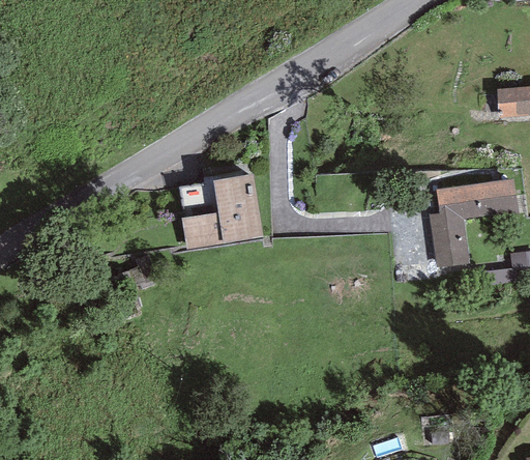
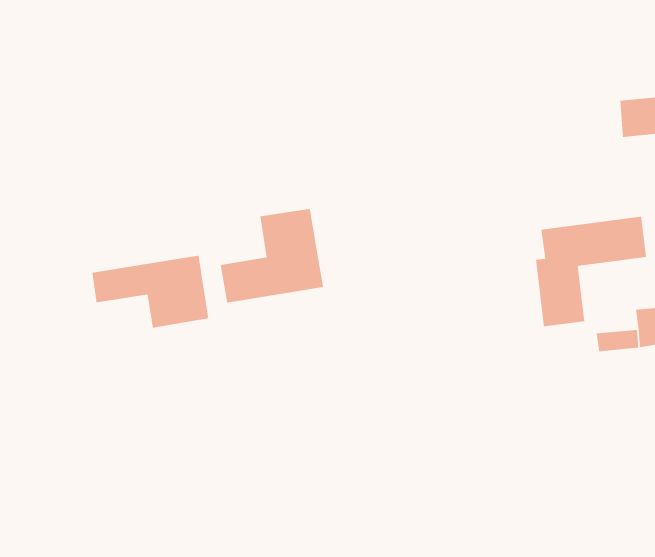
building: none -> [92,255,209,328]

